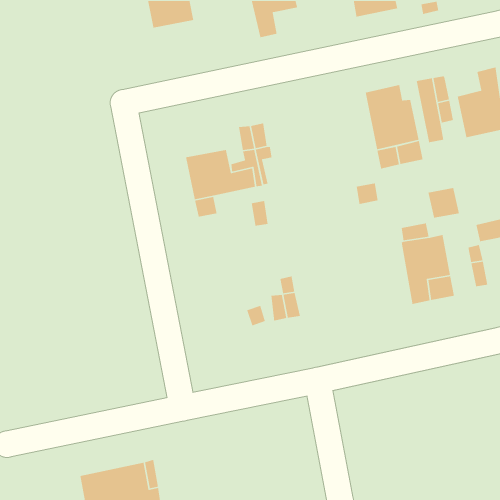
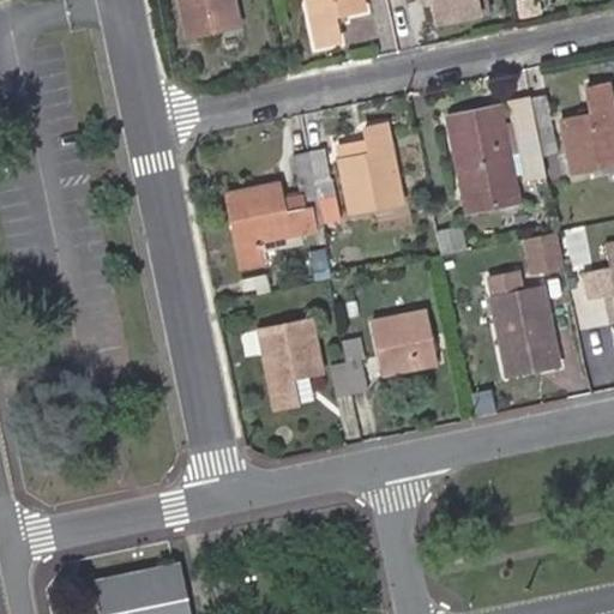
building: none -> [338,125,401,212]
building: none -> [373,311,437,373]
building: none -> [259,320,320,405]

